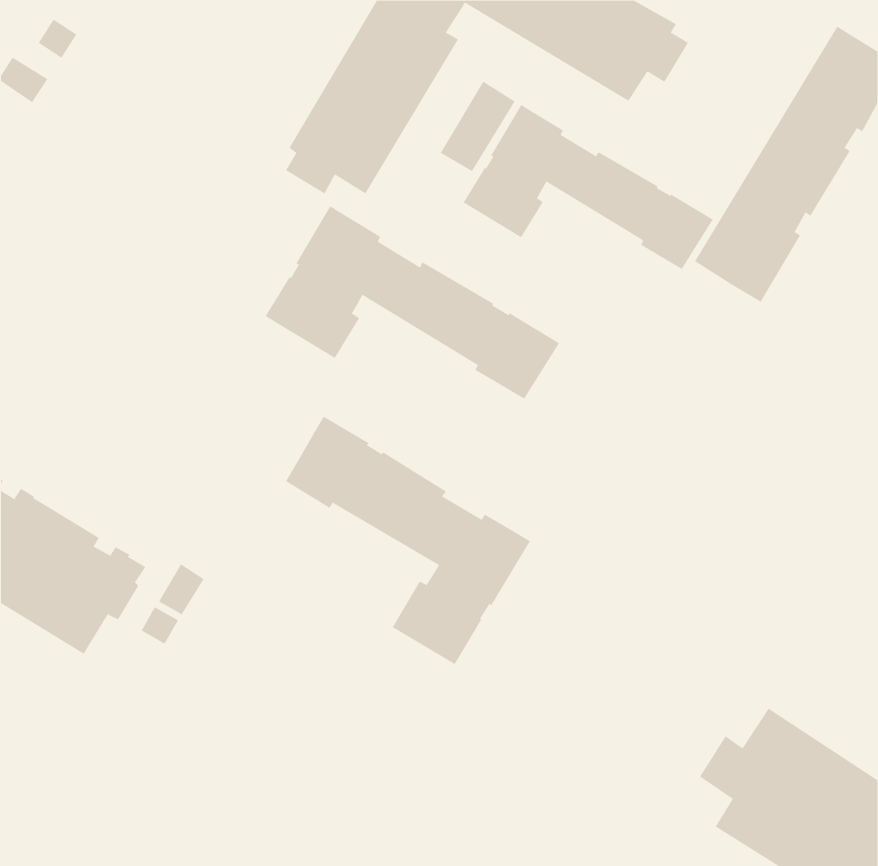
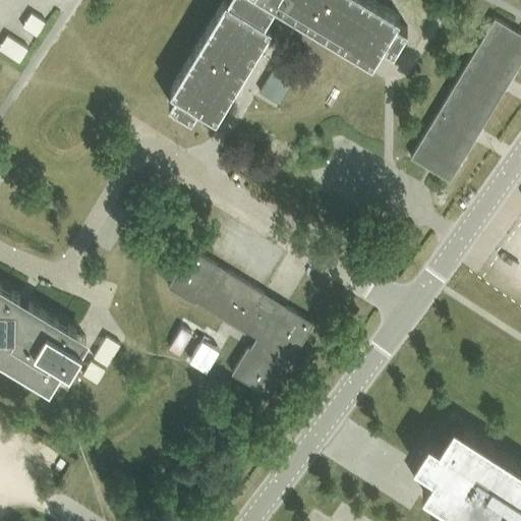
building: [463,104,714,270] -> none
building: [265,206,560,400] -> none

